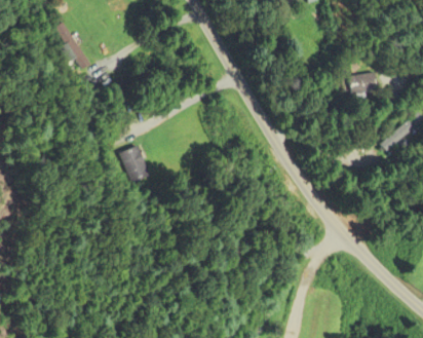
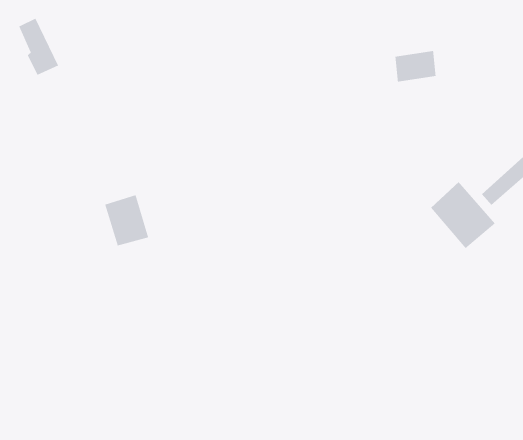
building: [352,74,382,97] -> [394,50,437,82]
building: none -> [430,181,496,249]

